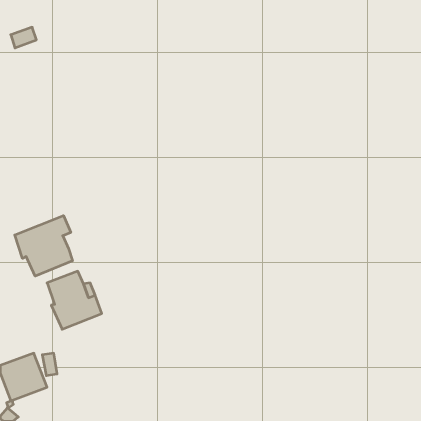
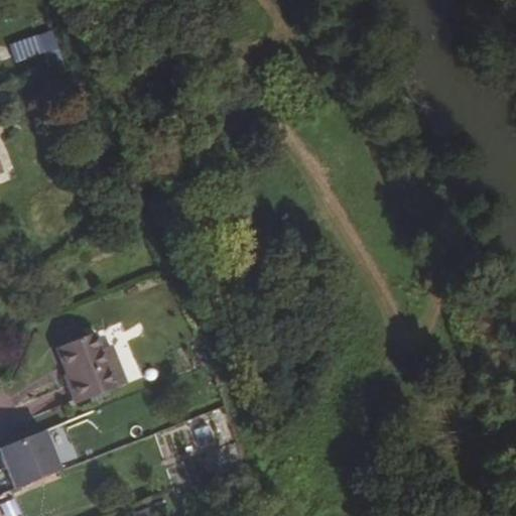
building: [15,216,72,276] -> none

